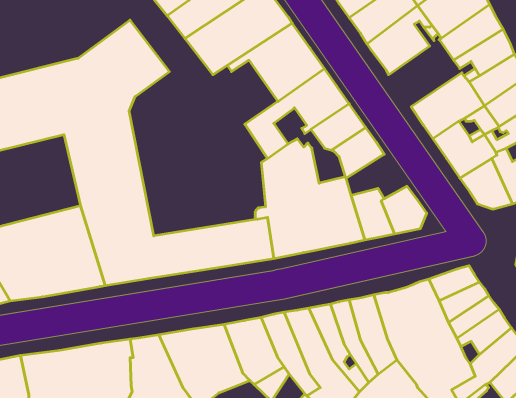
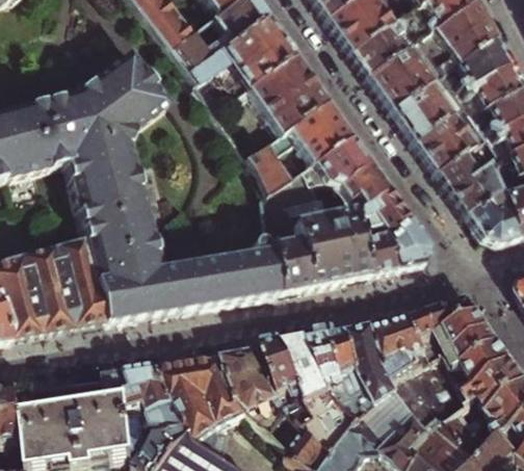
building: none -> [393,70,467,137]
building: none -> [350,185,412,230]

